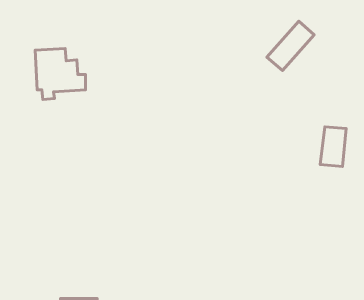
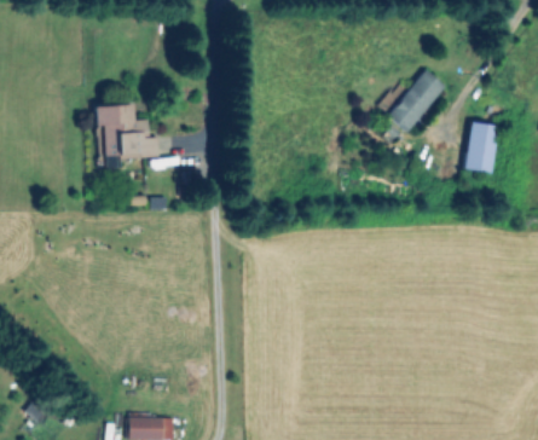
building: [320,127,346,166] -> [464,122,497,172]

